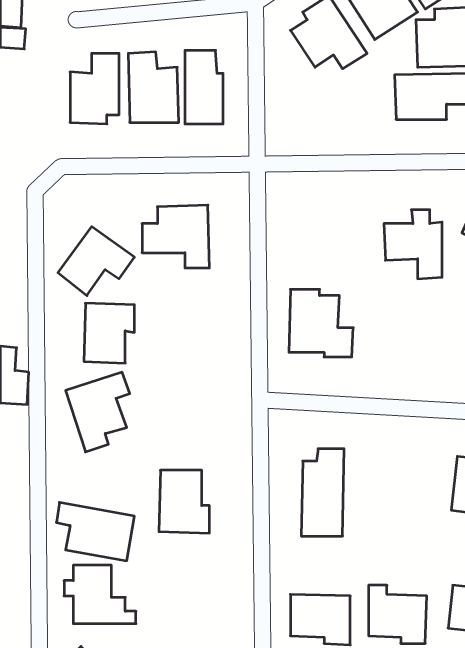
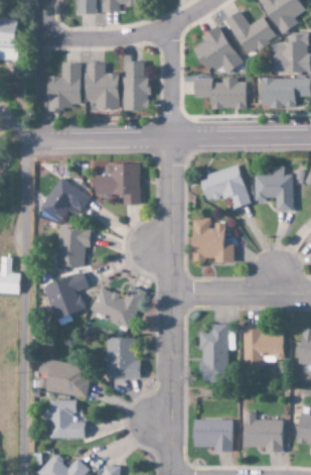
building: none -> [194,79,246,108]
building: none -> [200,164,250,209]
building: none -> [90,285,145,329]
building: none -> [243,326,284,369]

